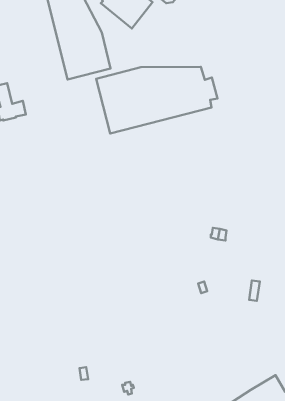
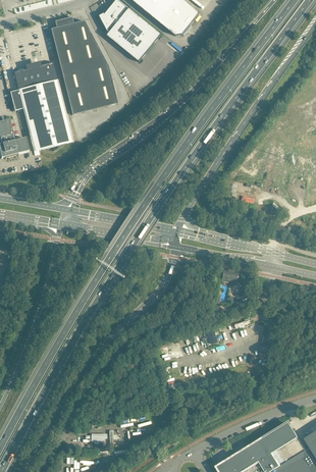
building: none -> [9,61,72,150]
building: [96,67,218,133] -> none

